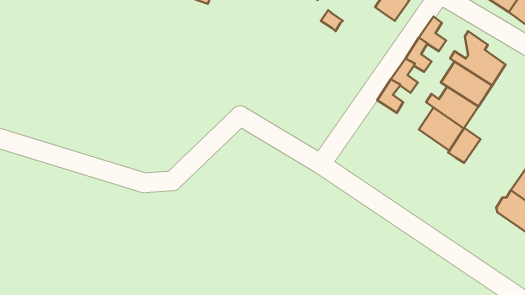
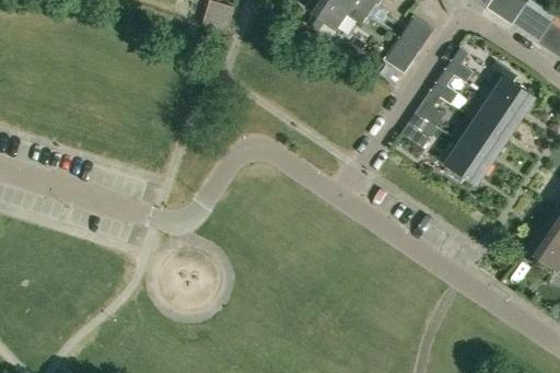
building: none -> [384,36,420,72]
building: [448,128,481,163] -> none

